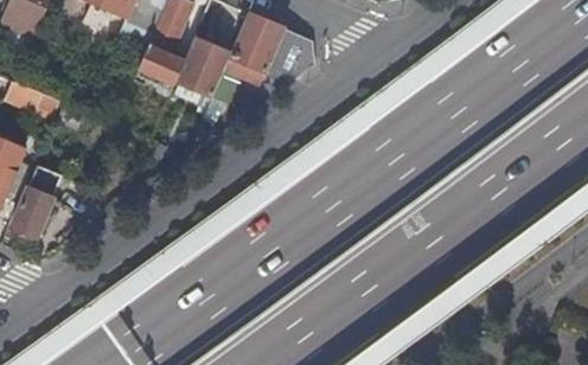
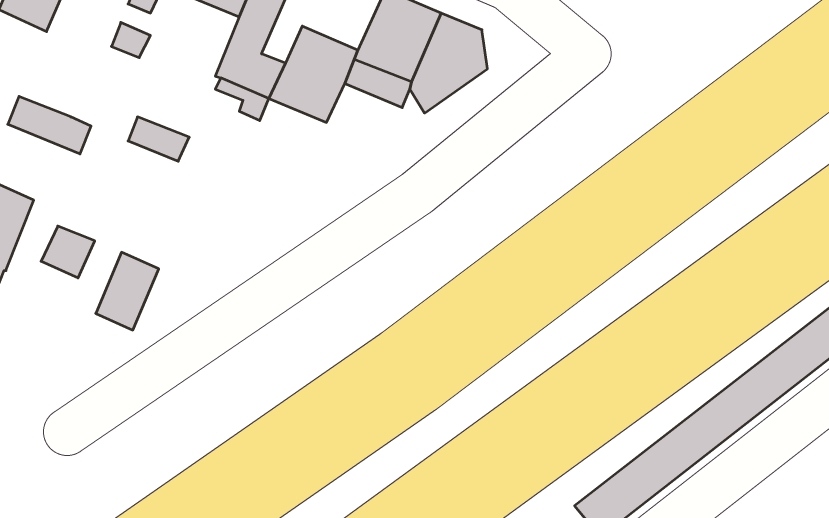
building: [12,186,52,236] -> [96,252,159,330]

